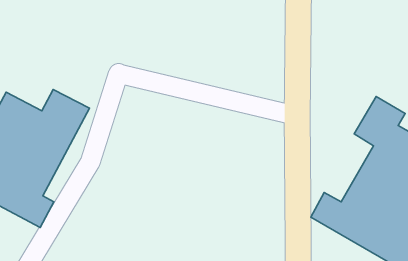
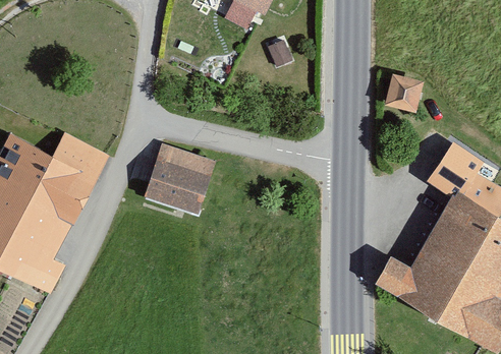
building: none -> [383,73,424,115]
building: none -> [144,142,217,215]

